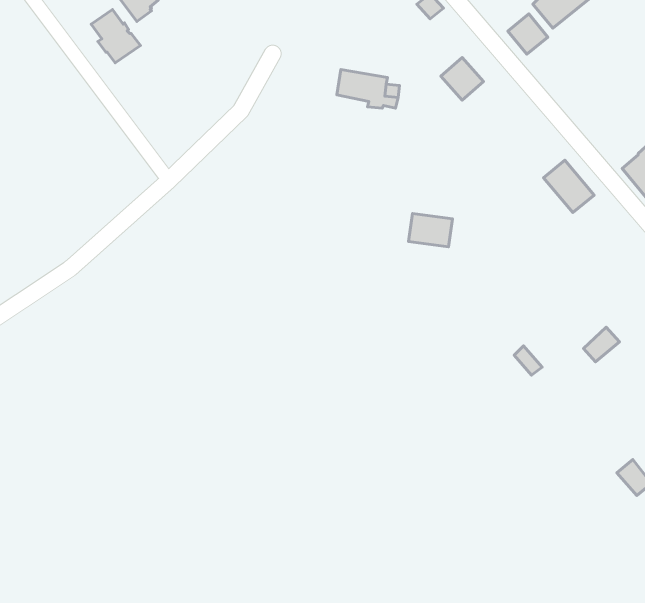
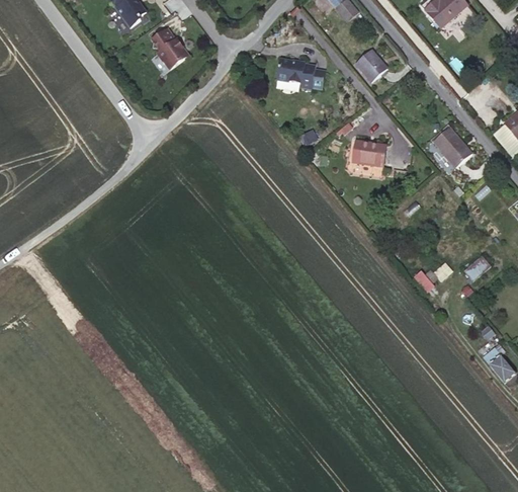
building: [91,9,140,63] -> [147,23,184,64]
building: [508,14,548,54] -> none
building: [408,213,452,247] -> [353,141,386,166]

